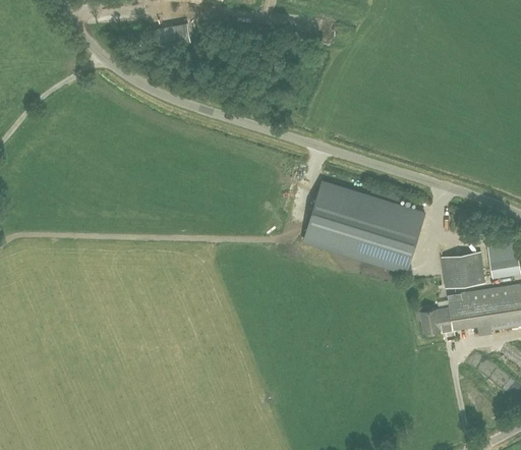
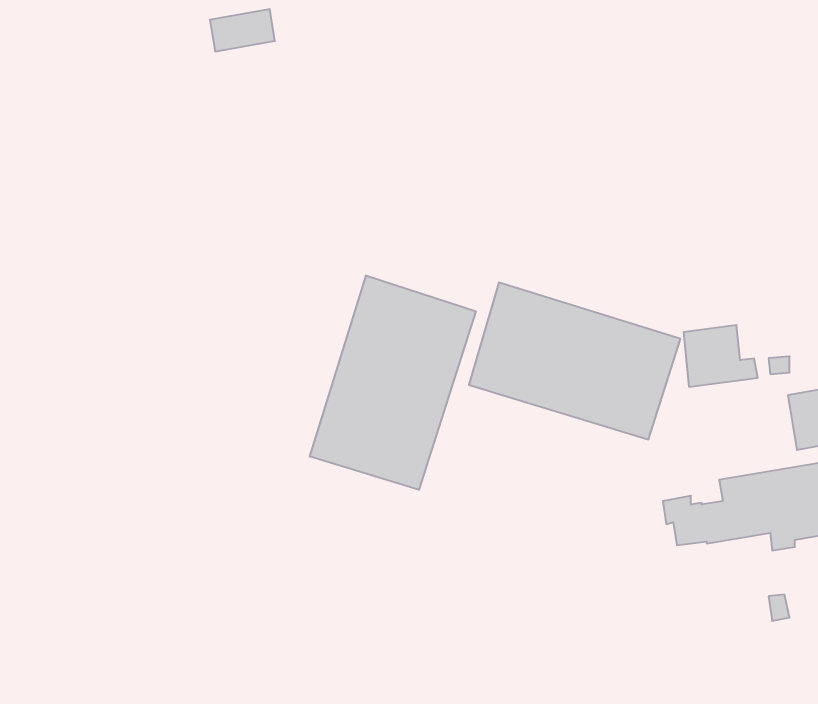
building: none -> [310,275,476,490]
building: [442,252,484,288] -> [684,325,758,387]

